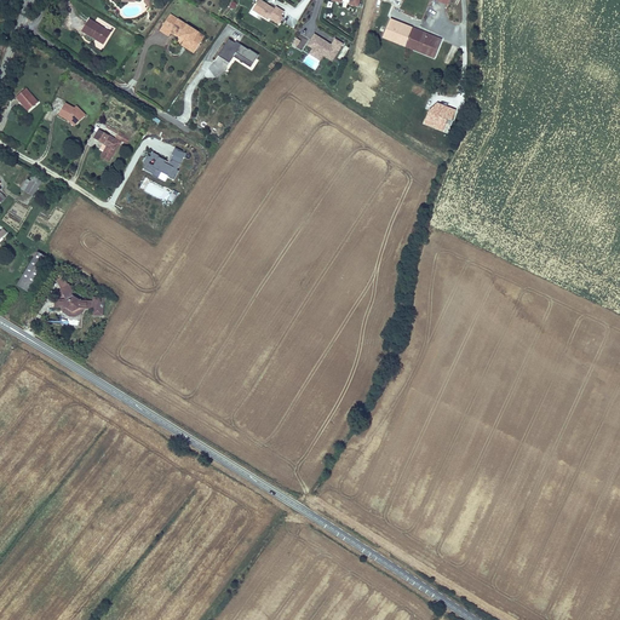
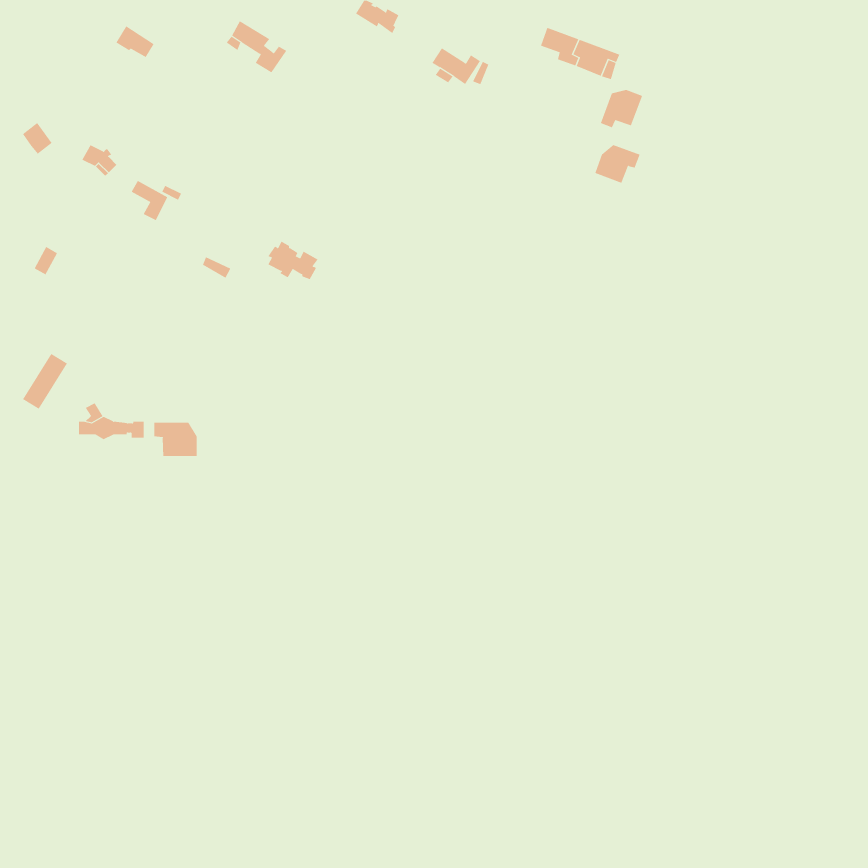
building: [218,39,258,68] -> none
building: none -> [600,89,643,128]
building: [144,148,180,176] -> [268,241,319,280]
building: none -> [154,422,197,457]

